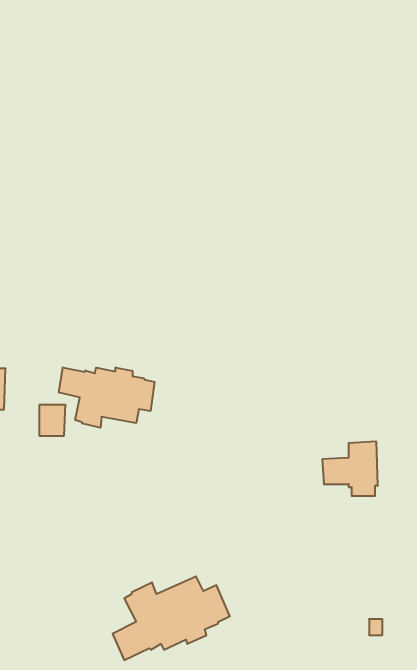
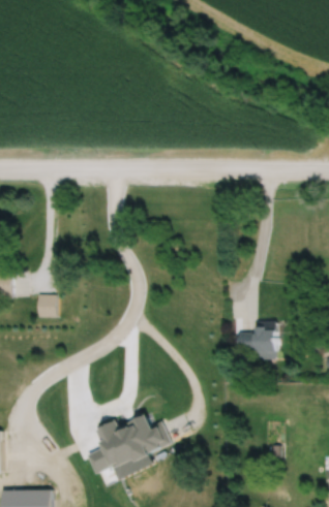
building: [59,367,155,428] -> none

